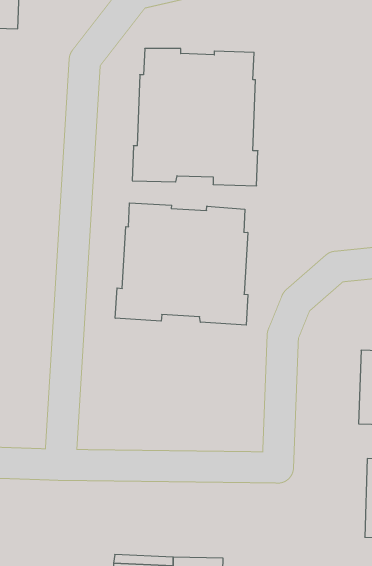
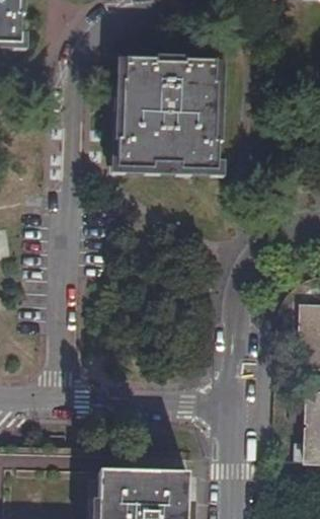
building: [115,203,248,325] -> none

